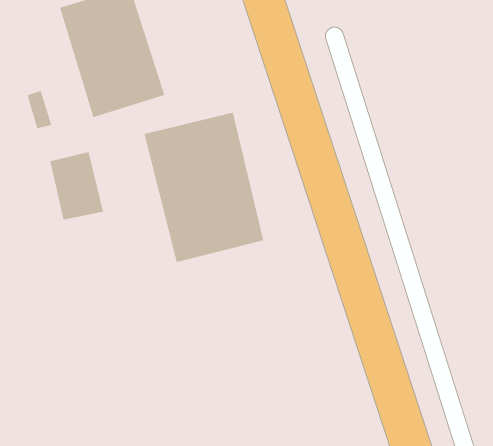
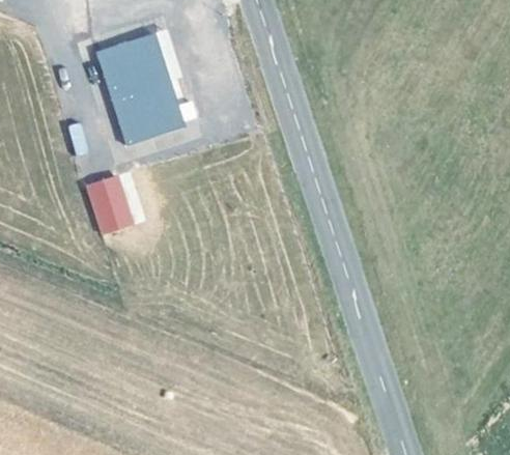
building: [144,112,264,263] -> none

